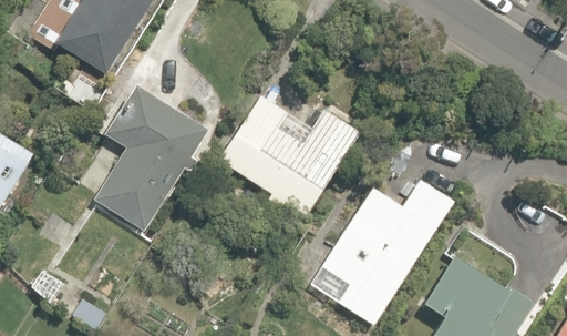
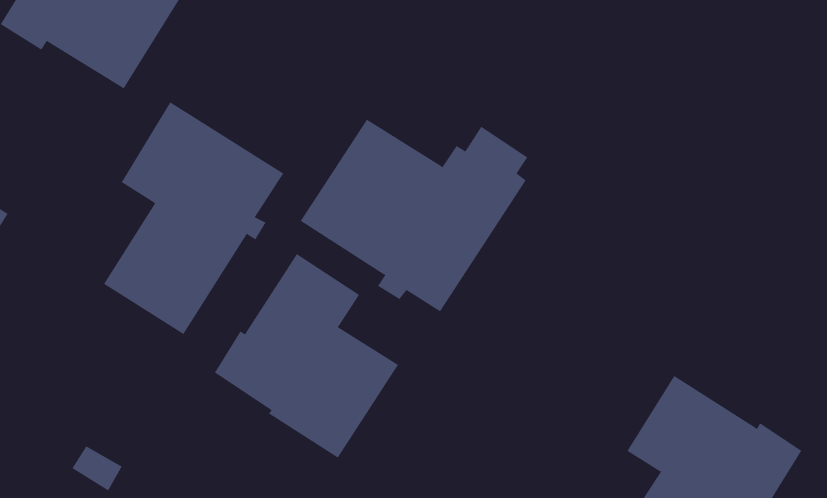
building: [310,176,453,323] -> none
building: none -> [214,253,399,458]

